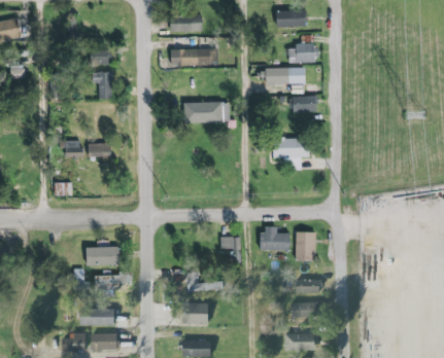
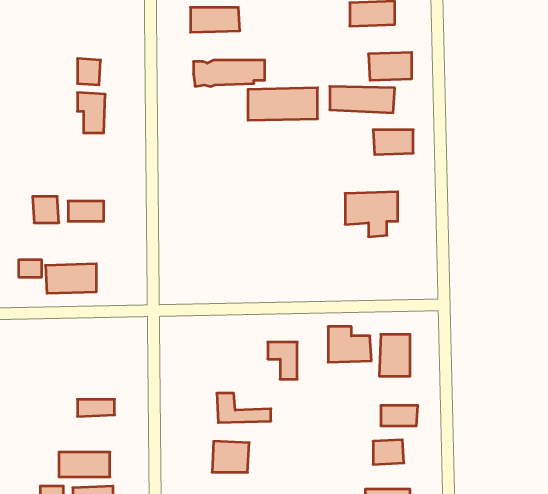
building: [182,101,229,122] -> [248,88,318,120]
building: [84,246,118,265] -> [45,264,96,293]

